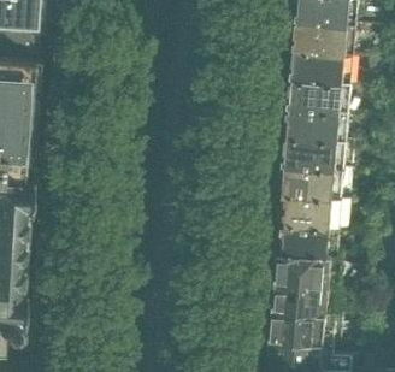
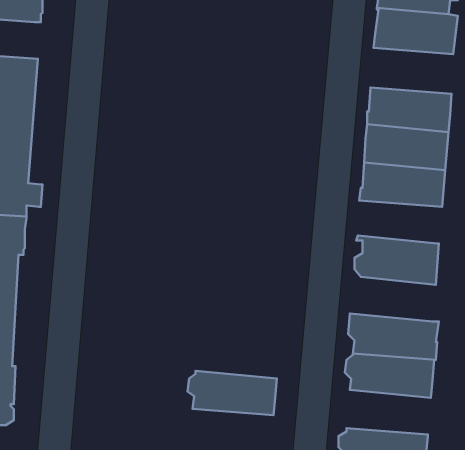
building: [291,51,354,85] -> none
building: [282,166,346,199] -> none
building: [276,224,341,258] -> none
building: [270,309,337,343] -> [188,371,277,415]

